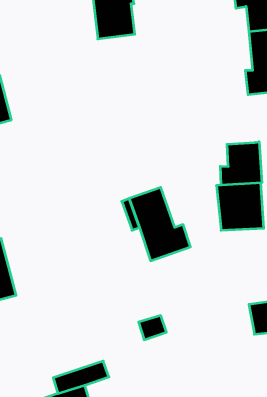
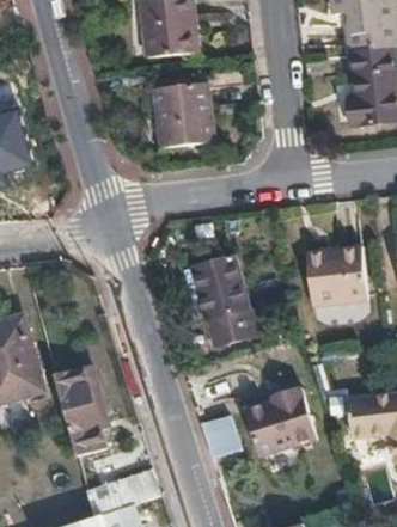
building: none -> [151,85,214,149]
building: [220,142,262,185] -> none
building: none -> [57,369,108,461]
building: none -> [239,388,312,458]

